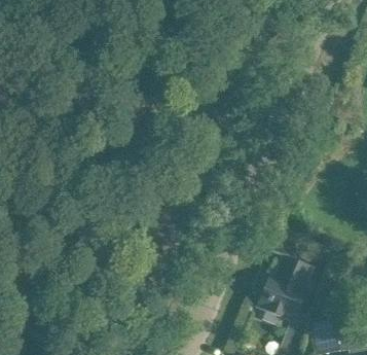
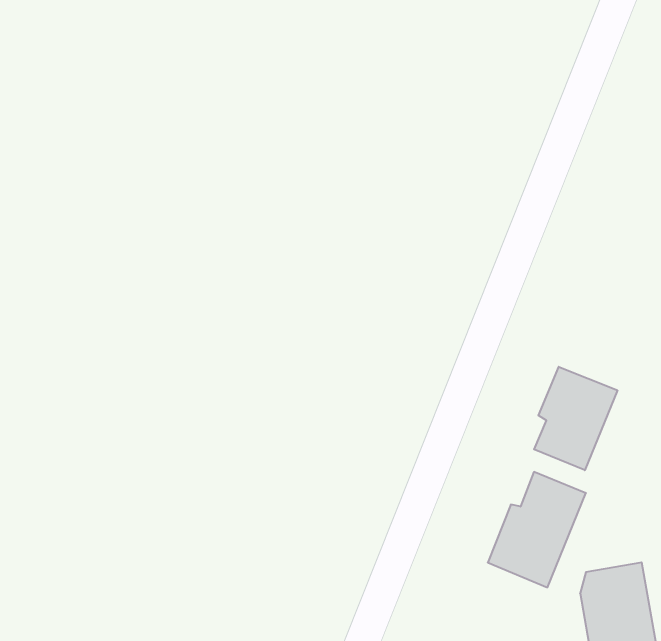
building: none -> [534,367,617,470]

